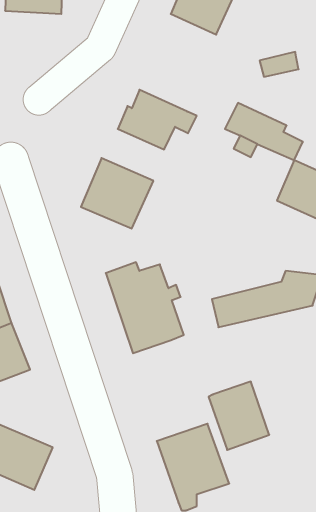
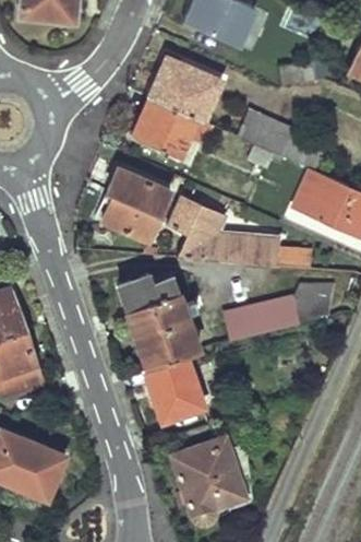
building: none -> [151,57,220,119]
building: none -> [168,195,309,267]
building: [209,382,269,450] -> [143,350,204,419]

